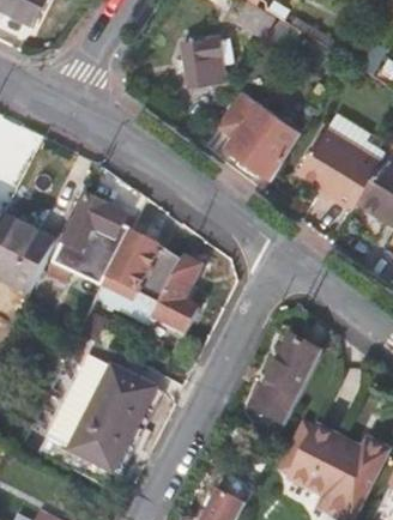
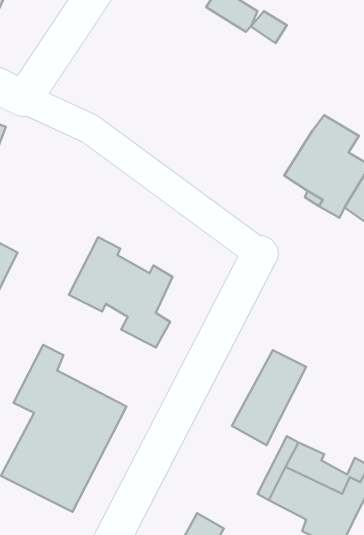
building: [183,36,235,96] -> none
building: [217,91,301,181] -> none
building: [50,192,128,283] -> none

